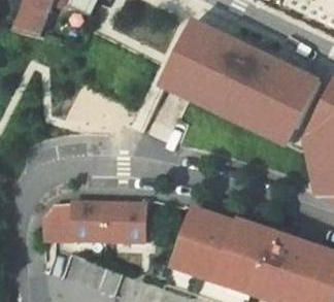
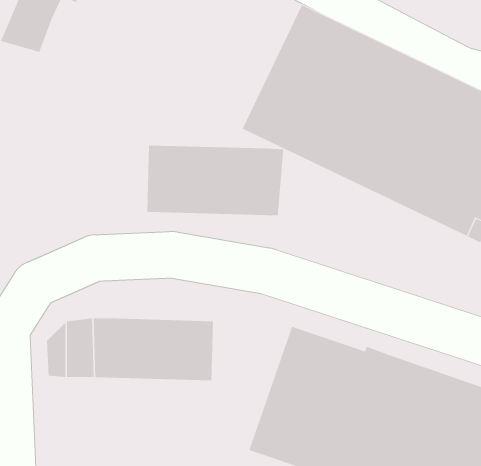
building: none -> [147,145,284,216]

